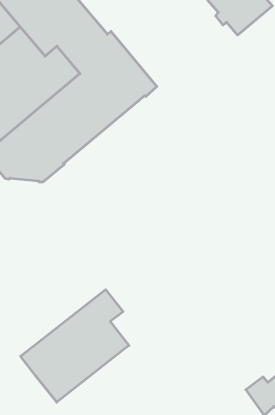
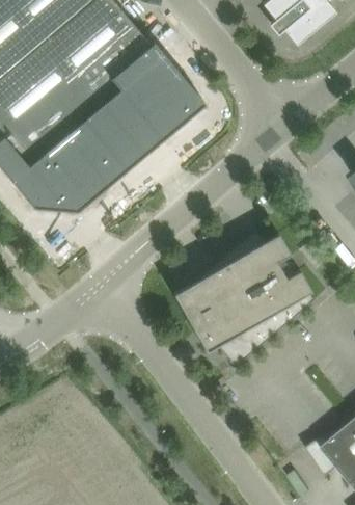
building: none -> [172,229,313,366]
building: [21,290,129,402] -> none

